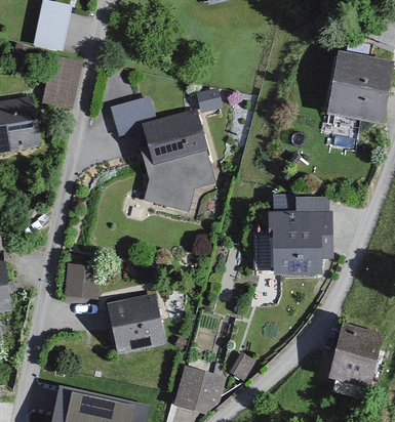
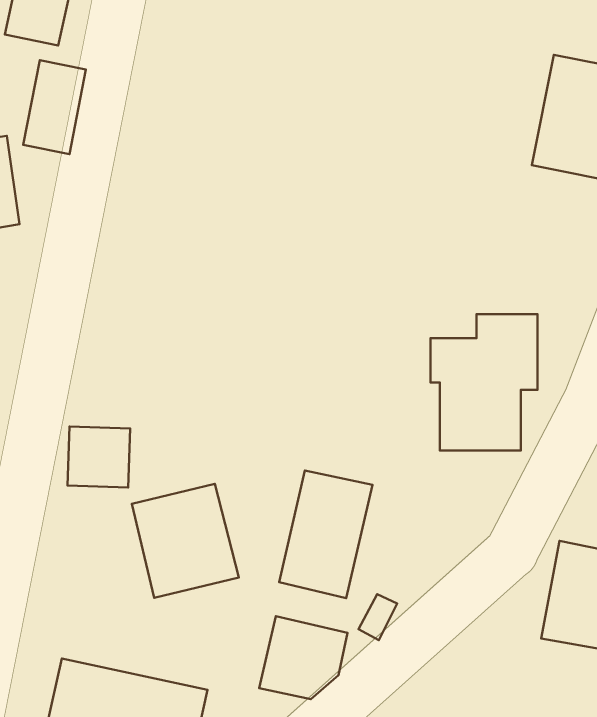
building: [109,96,216,210] -> none
building: none -> [279,470,372,598]

